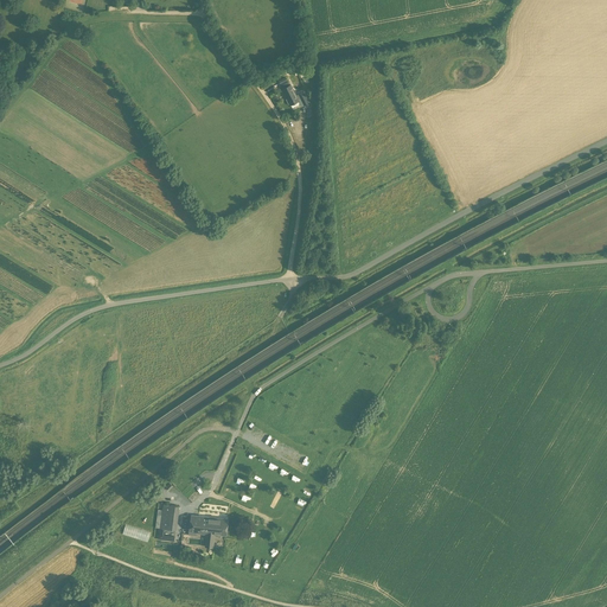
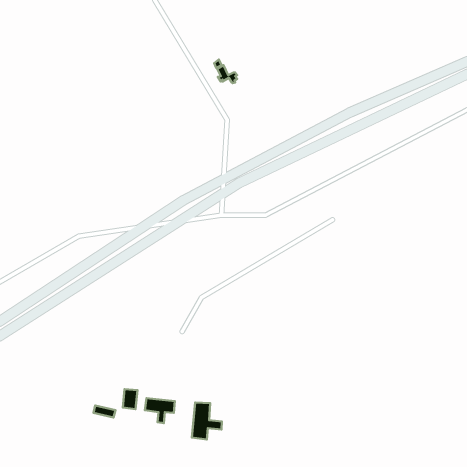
building: none -> [192,403,222,439]

